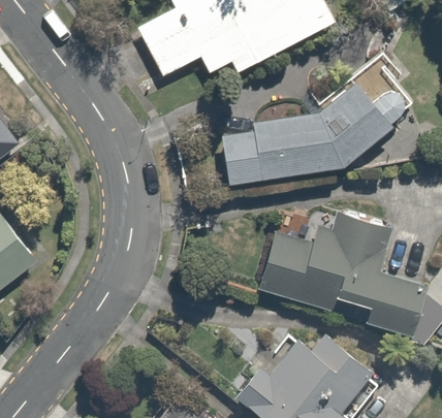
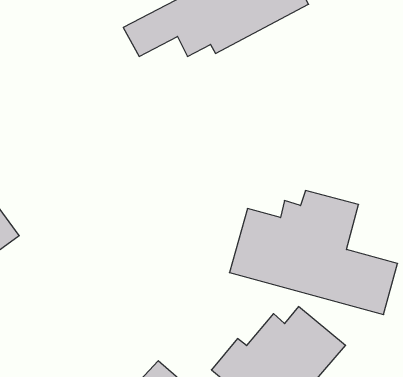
building: [218,65,413,183] -> none

